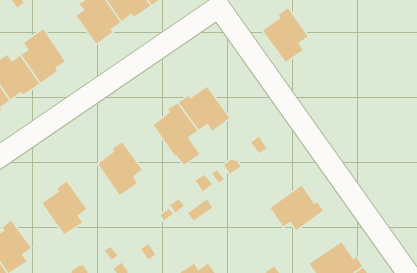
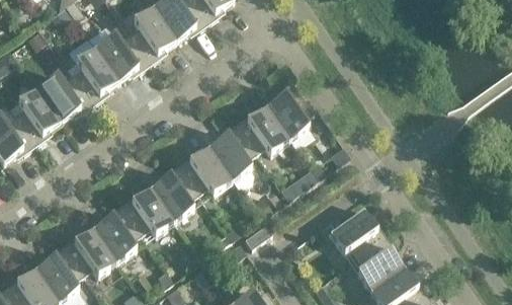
building: [262,7,309,63] -> [263,83,312,141]
building: none -> [93,33,148,82]
building: none -> [175,148,230,196]
building: none -> [117,188,172,236]
building: none -> [60,229,114,277]
building: none -> [355,237,403,292]

